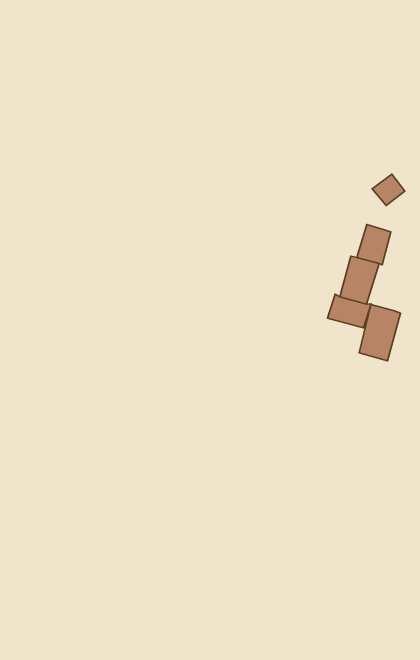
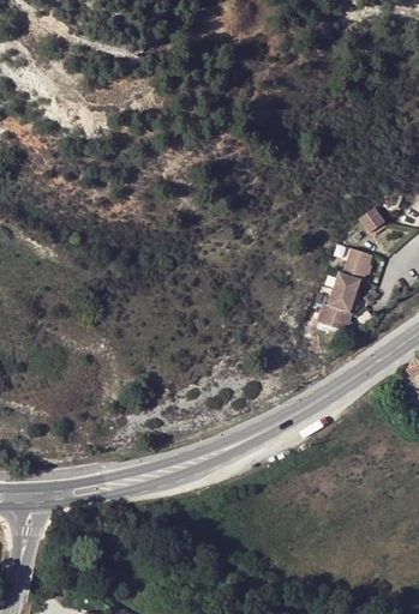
building: [359,304,400,361] -> none

